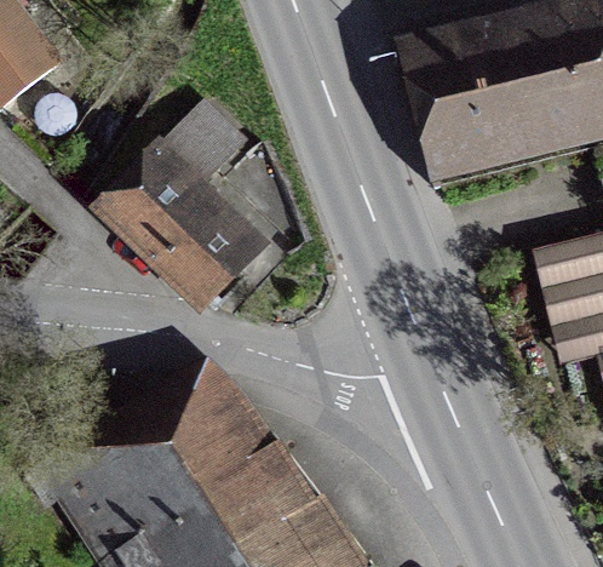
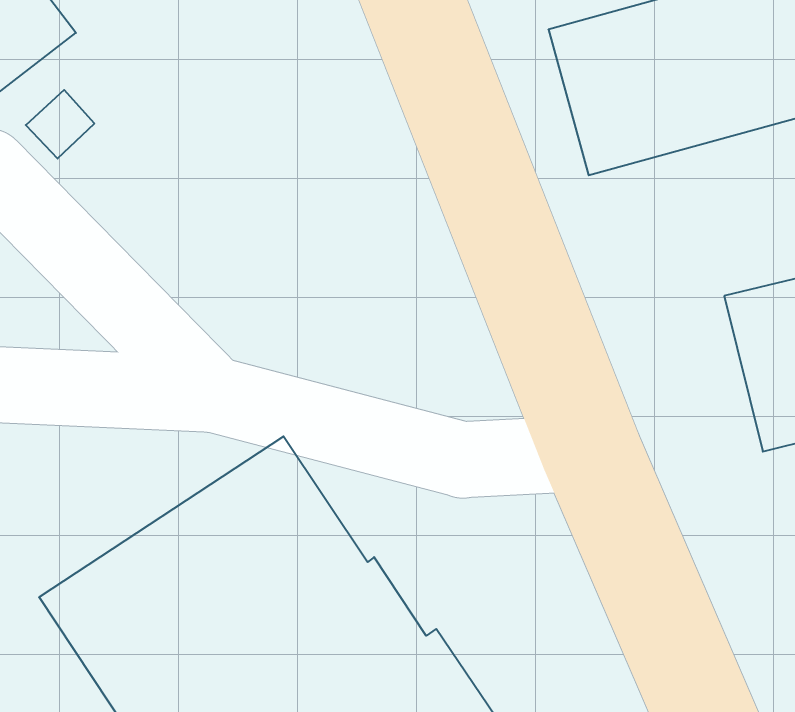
building: [87,99,272,321] -> none

